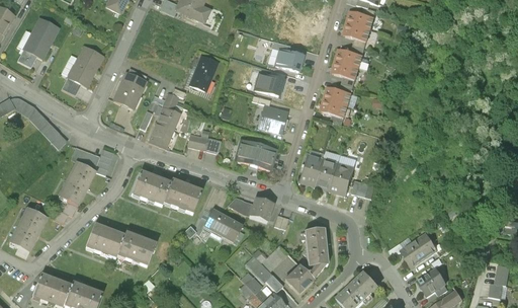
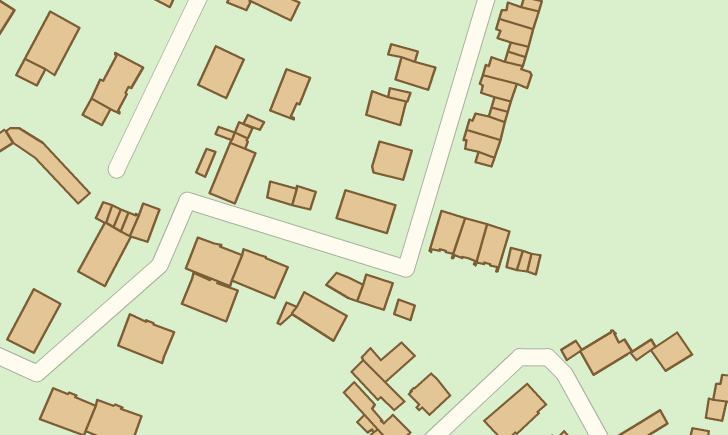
building: [113,72,145,107] -> [198,46,244,98]
building: [304,228,327,279] -> none
building: [116,232,155,265] -> [182,273,238,321]
building: [417,267,445,294] -> [651,332,692,371]

